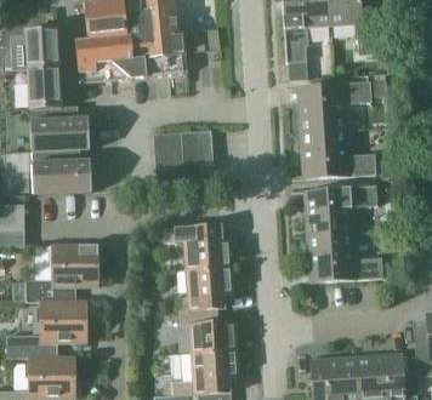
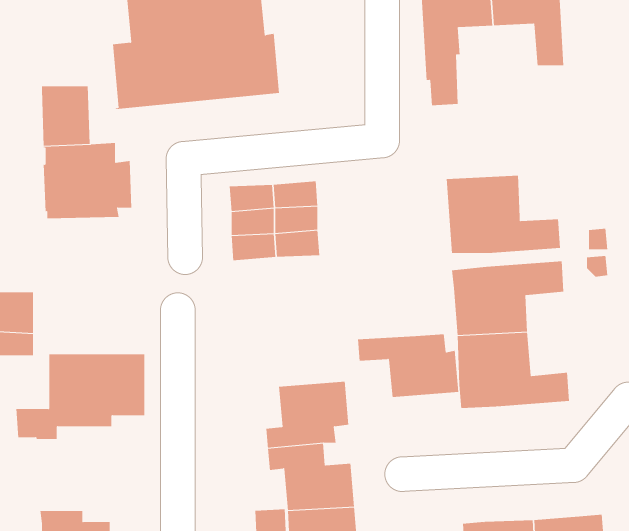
building: [11,27,59,69] -> none
building: [295,82,370,128] -> none
building: [32,154,91,193] -> none
building: [163,224,231,267] -> [357,334,459,398]
building: [6,293,85,358] -> none

